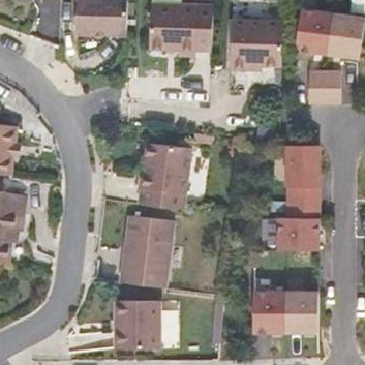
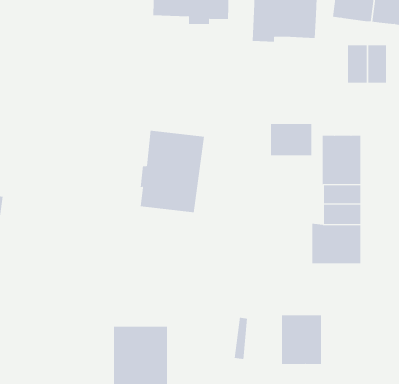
building: none -> [271,123,312,156]
building: [120,214,173,287] -> none
building: [285,292,317,332] -> none

